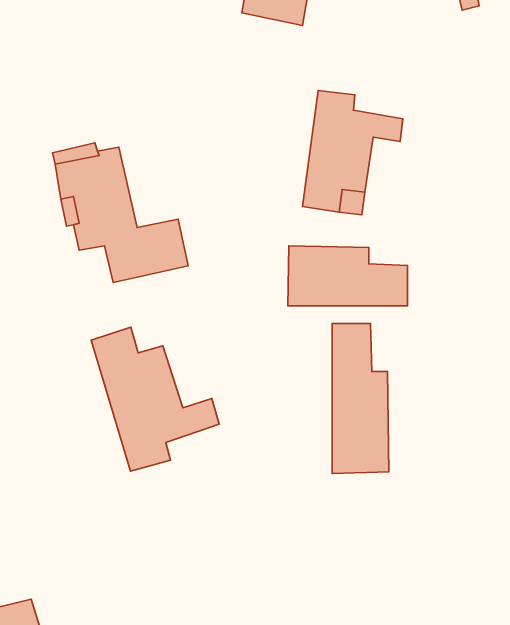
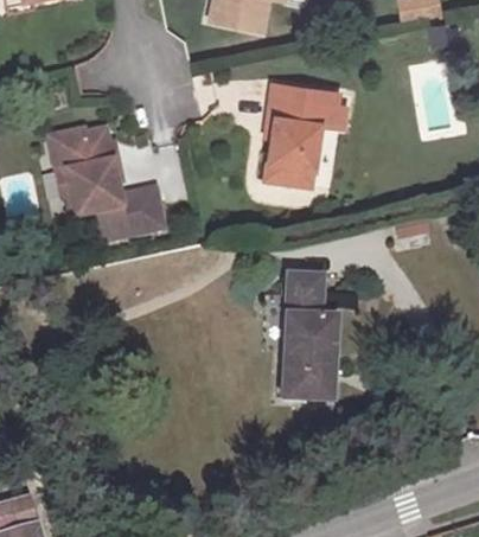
building: [288,246,407,306] -> none
building: [91,327,219,471] -> none

